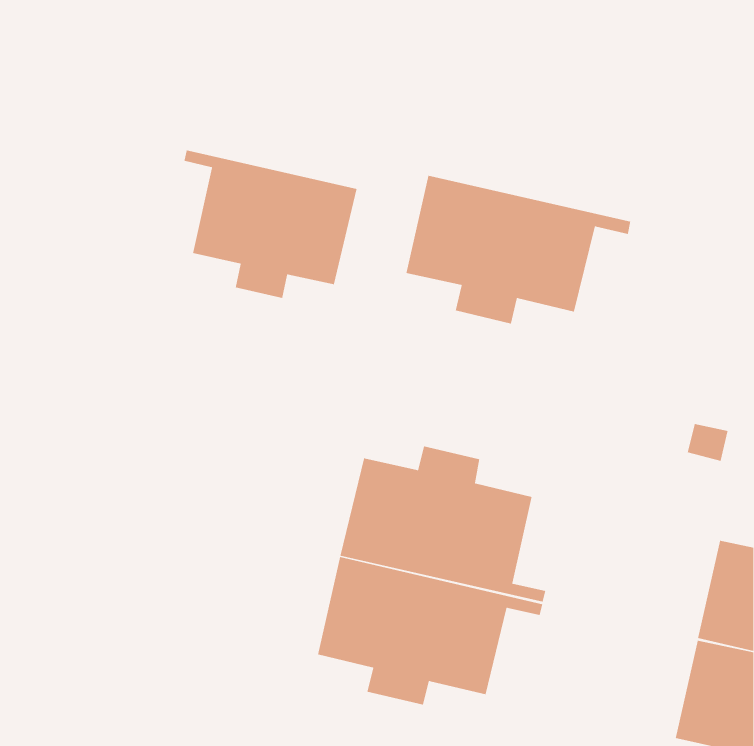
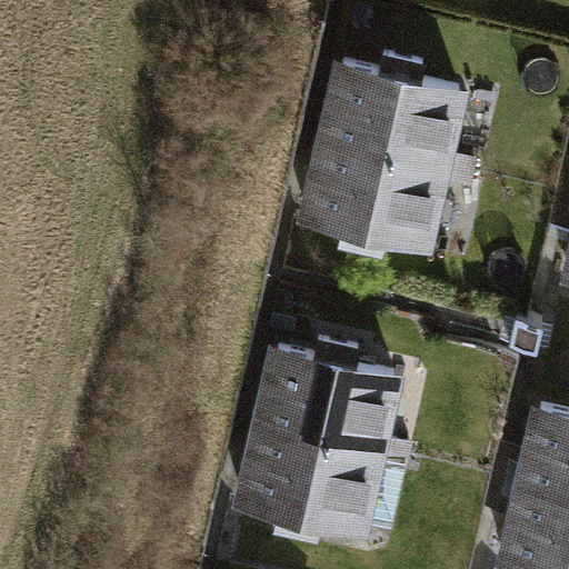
building: none -> [319,60,472,178]
building: [183,149,357,299] -> none

